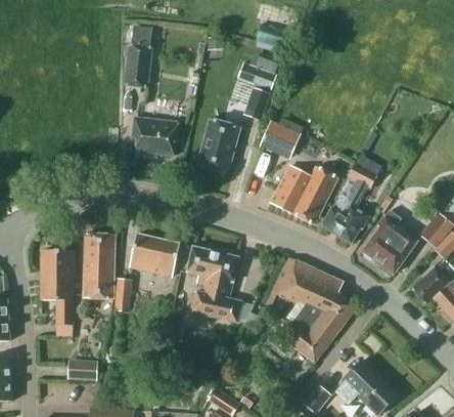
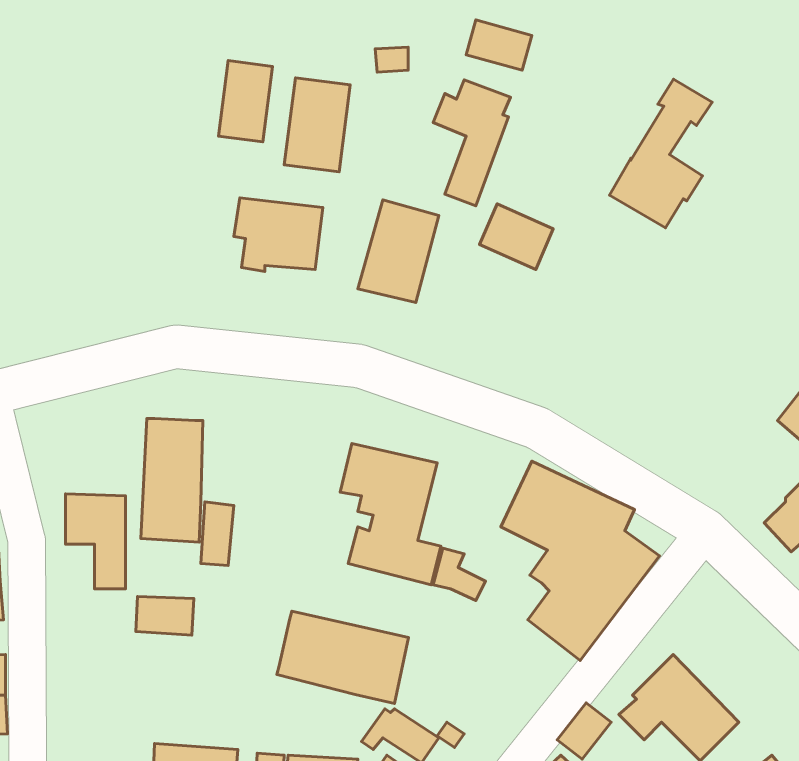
building: none -> [284,78,350,172]
building: [321,164,375,243] -> [609,79,712,228]
building: [270,165,337,223] -> none
building: [362,210,417,274] -> none
building: [130,234,178,276] -> none
building: [42,251,74,275] -> none
building: none -> [277,611,408,703]
building: [66,360,97,380] -> [136,597,194,635]

